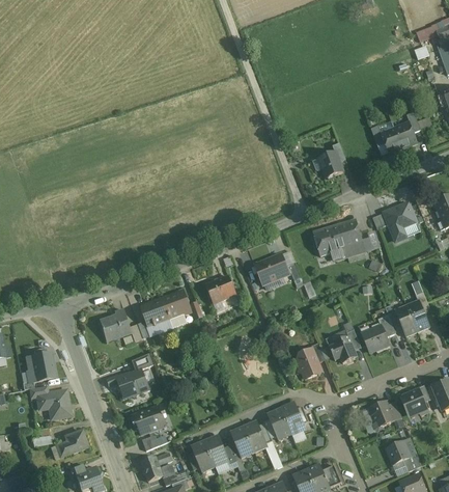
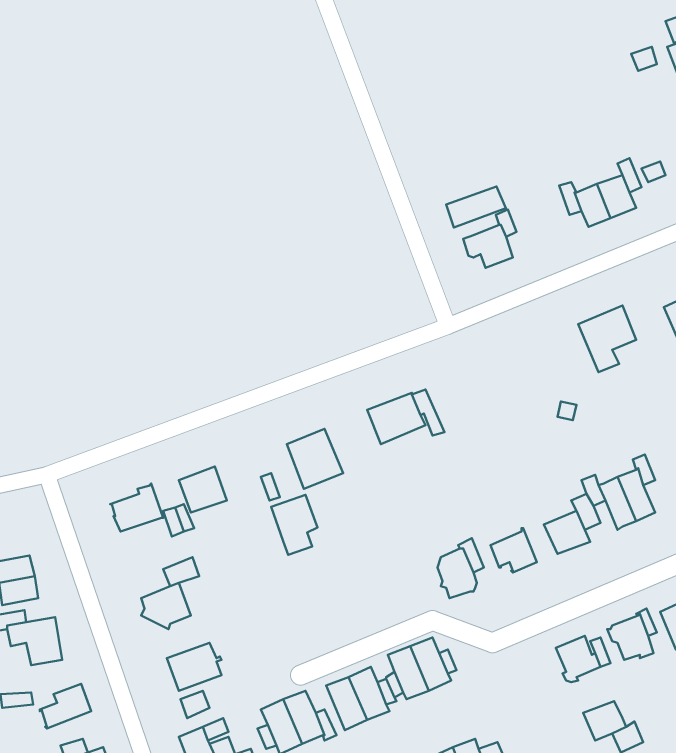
building: none -> [446,186,506,228]
building: [312,219,364,259] -> none
building: [162,291,190,327] -> [271,495,317,555]

